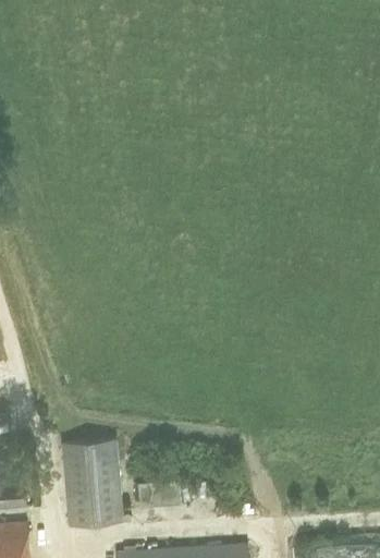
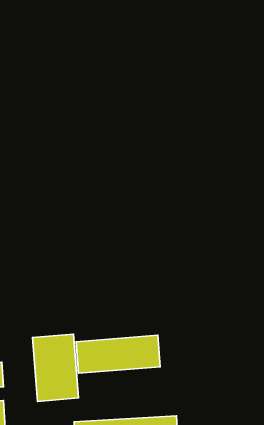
building: none -> [76,335,160,373]

